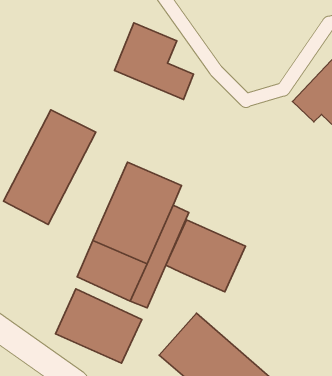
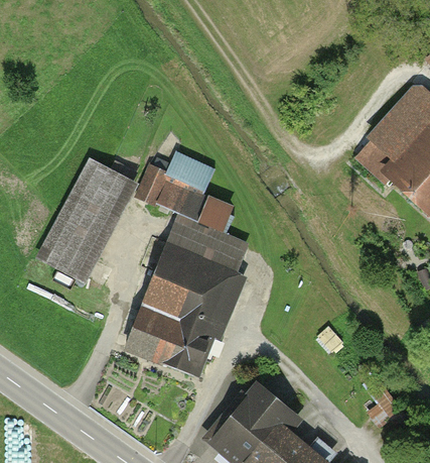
building: [114,23,194,100] -> [146,146,232,229]
building: [166,220,246,292] -> none
building: [56,289,142,363] -> none

